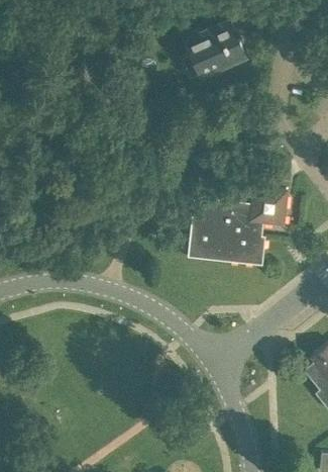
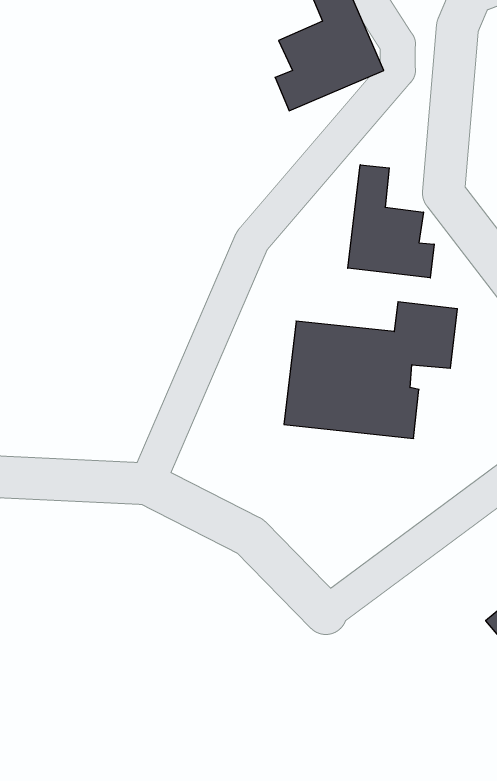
building: none -> [348,165,434,278]

